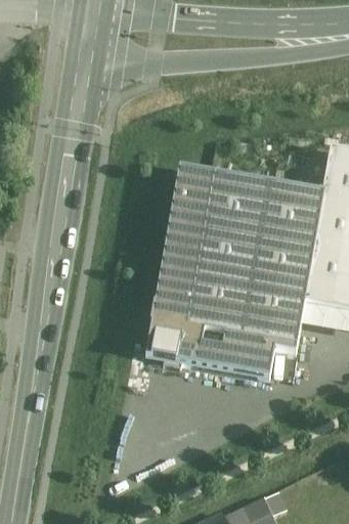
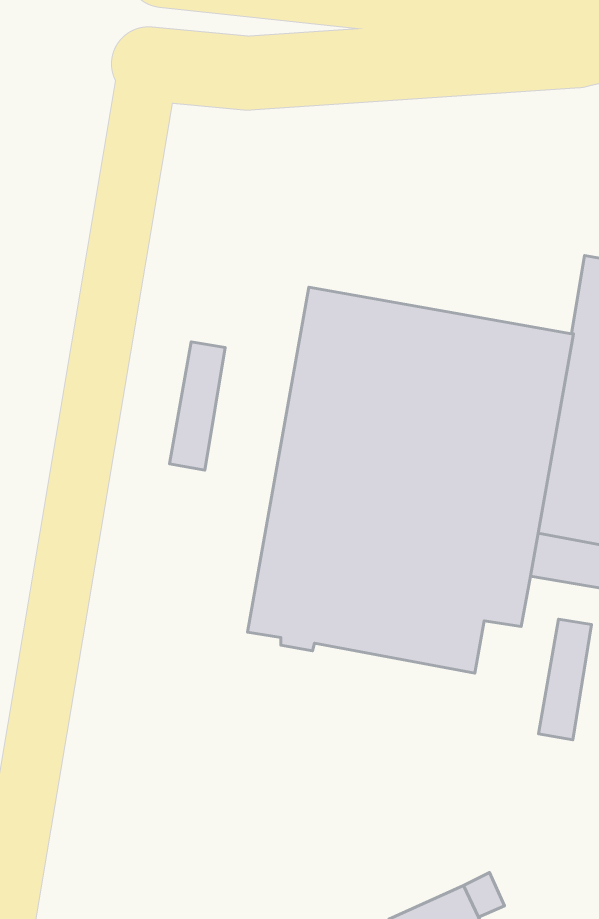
building: none -> [169,342,225,470]
building: none -> [538,619,592,740]

